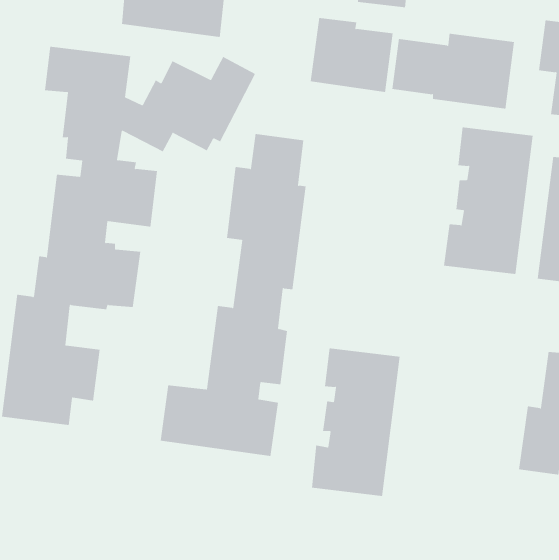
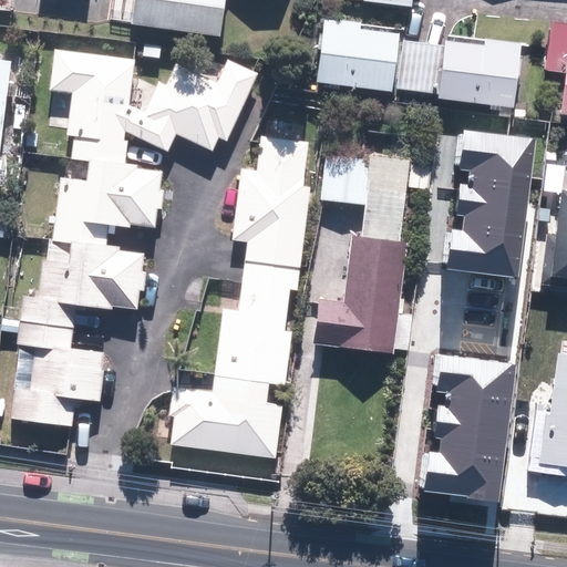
building: none -> [310,153,411,354]
building: [311,348,400,497] -> [430,351,519,501]

